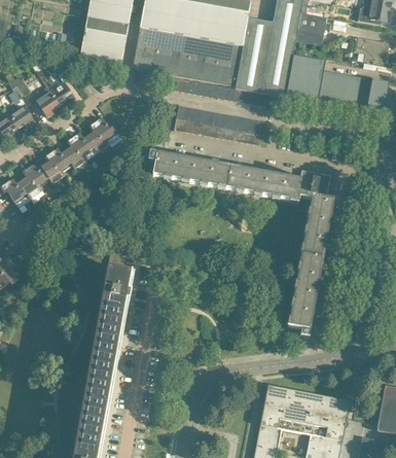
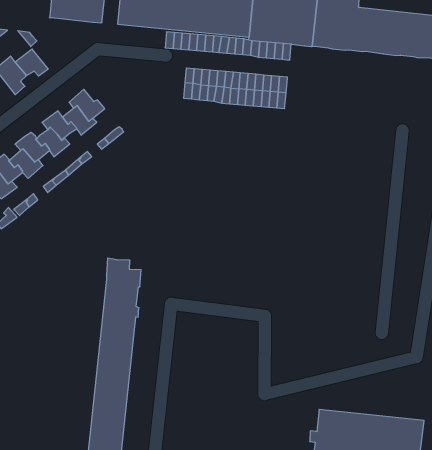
building: [149,151,333,337] -> none

